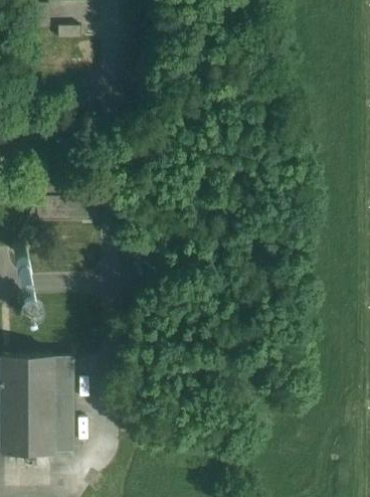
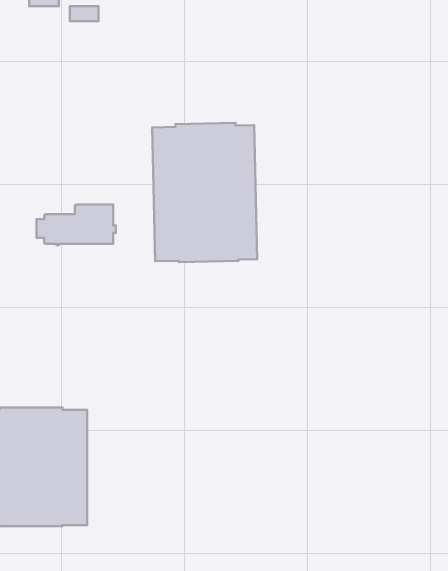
building: none -> [152,123,257,262]

